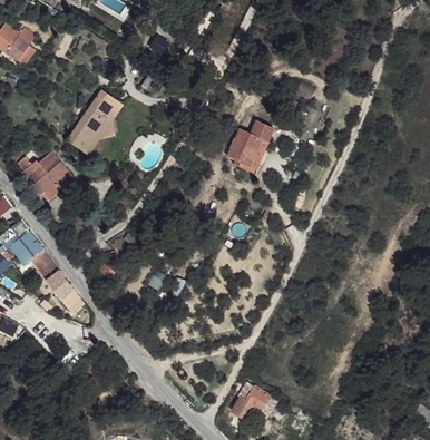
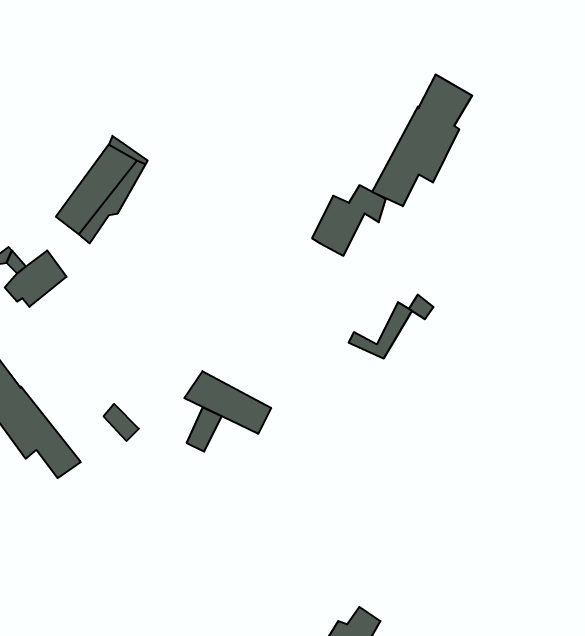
building: none -> [372,74,472,206]
building: [228,138,268,174] -> [349,302,412,358]
building: none -> [184,371,271,434]

